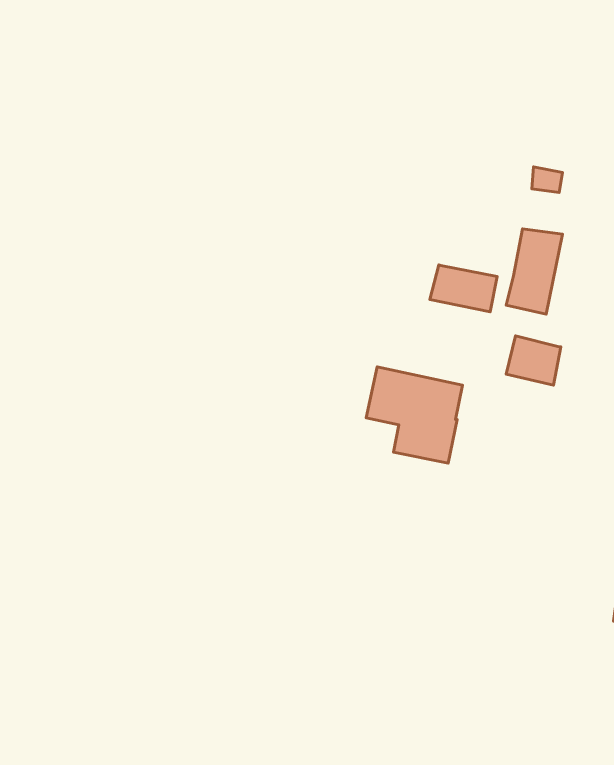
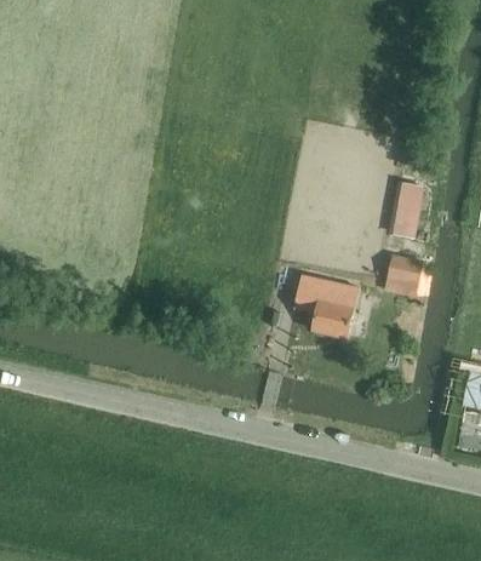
building: [430,265,497,312] -> none

